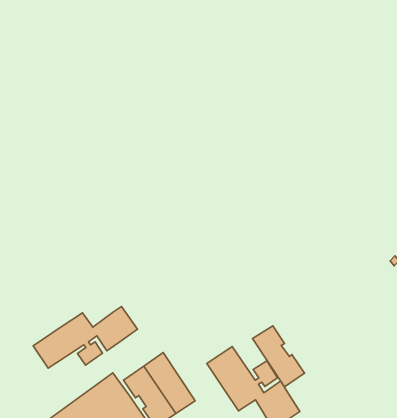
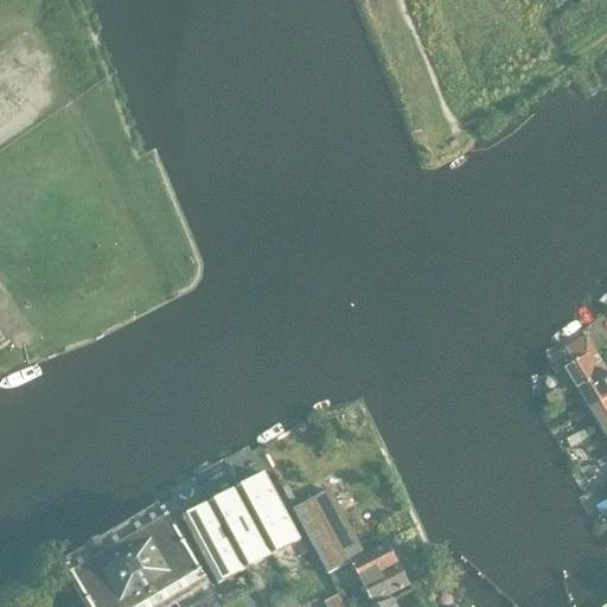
building: [33,307,137,368] -> none
building: [252,326,305,387] -> [237,471,301,552]

